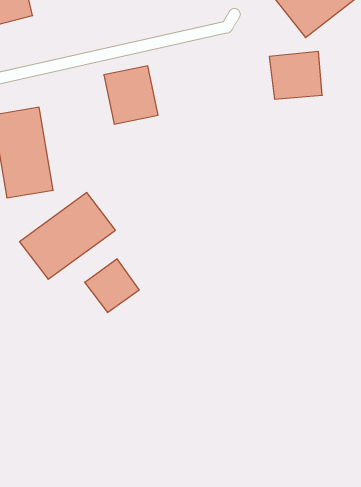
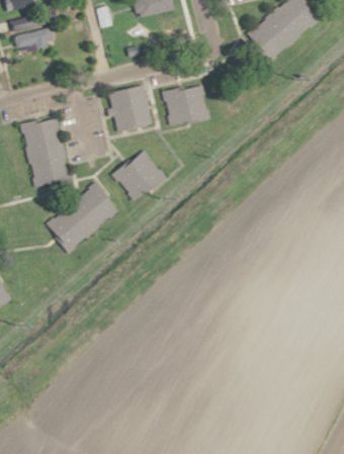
building: [269,51,322,99] -> [164,85,205,122]
building: none -> [111,148,165,200]
building: [85,259,139,313] -> none

